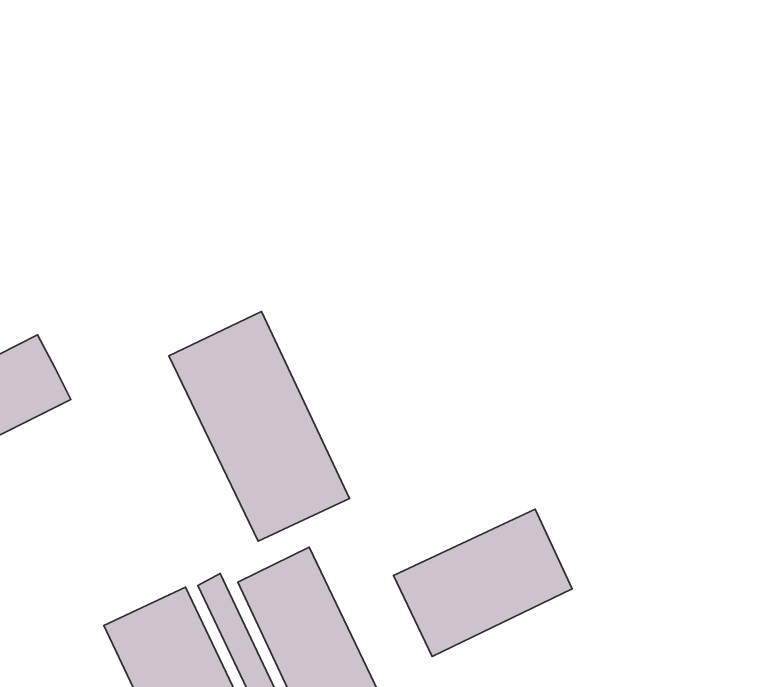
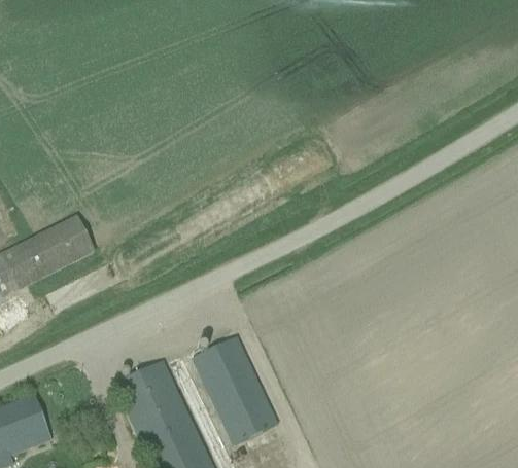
building: [169,312,350,541] -> none
building: [393,509,572,657] -> none

